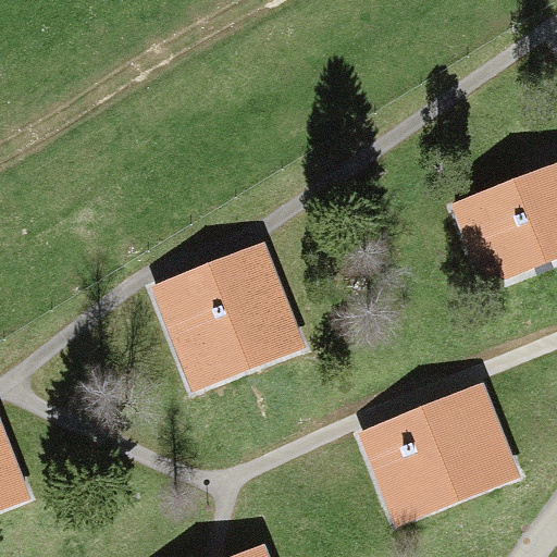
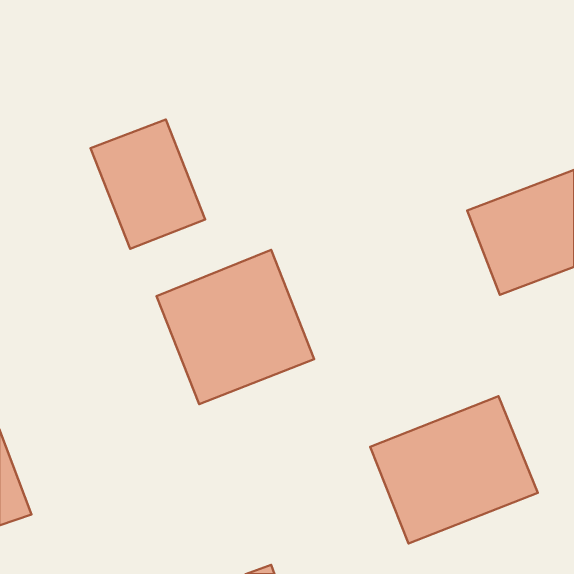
building: none -> [91,120,205,249]

